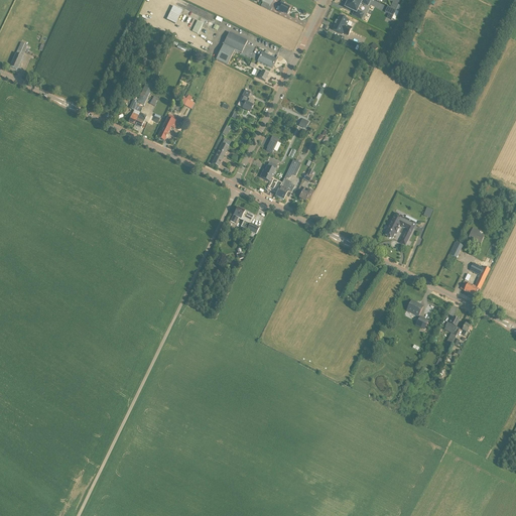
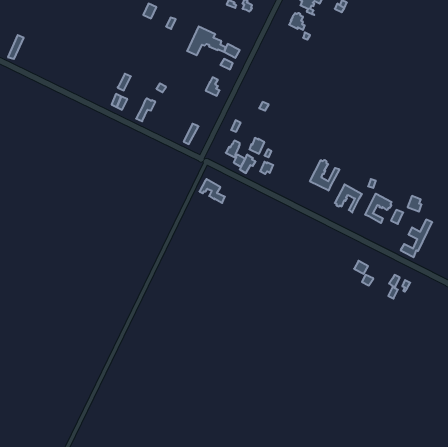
building: none -> [310,160,339,191]
building: none -> [365,194,392,223]

